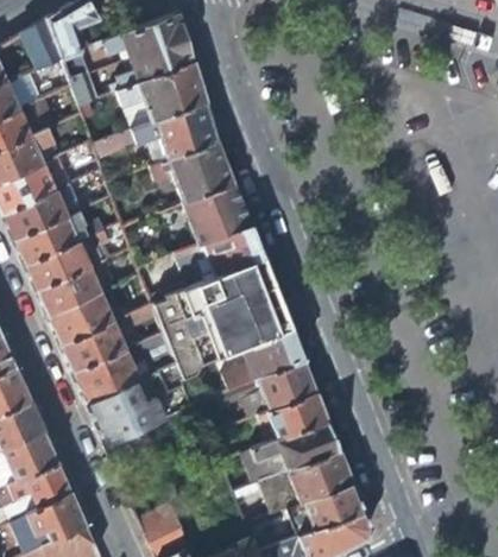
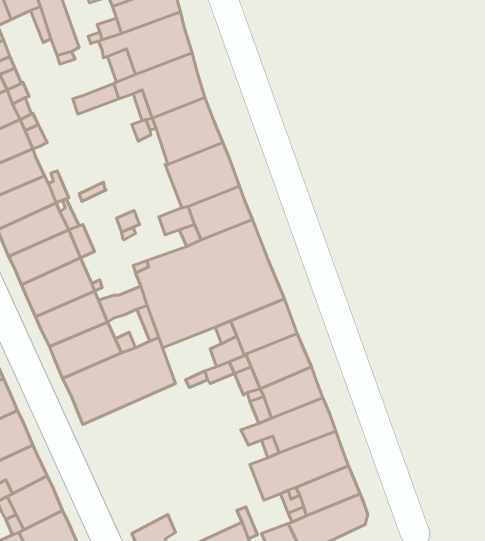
building: [137,501,183,545] -> none

